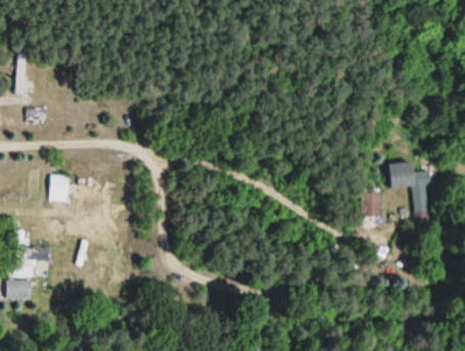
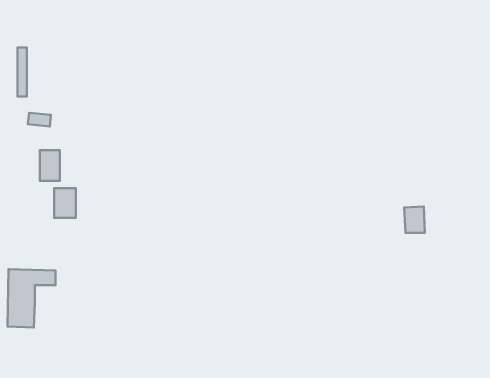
building: none -> [40,150,60,181]
building: [387,162,432,221] -> none

